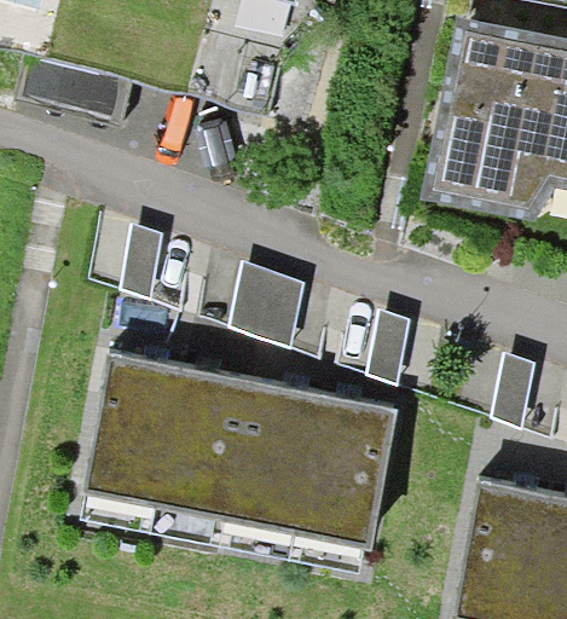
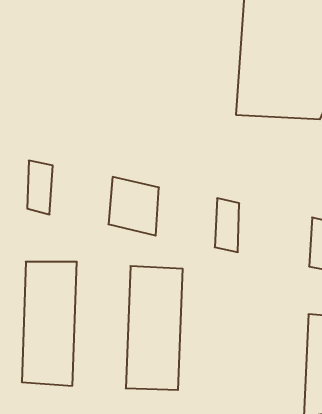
building: [150,366,250,545] -> none
building: [291,395,398,572] -> none

